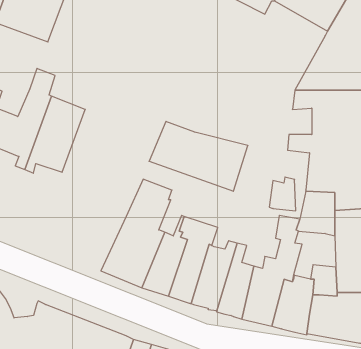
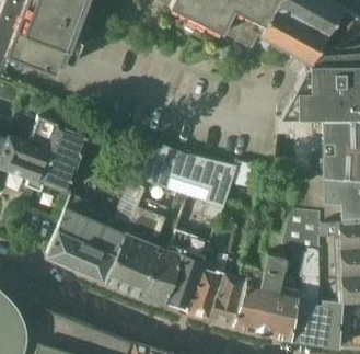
building: none -> [45,183,144,282]
building: [269,177,296,211] -> [292,248,316,278]

